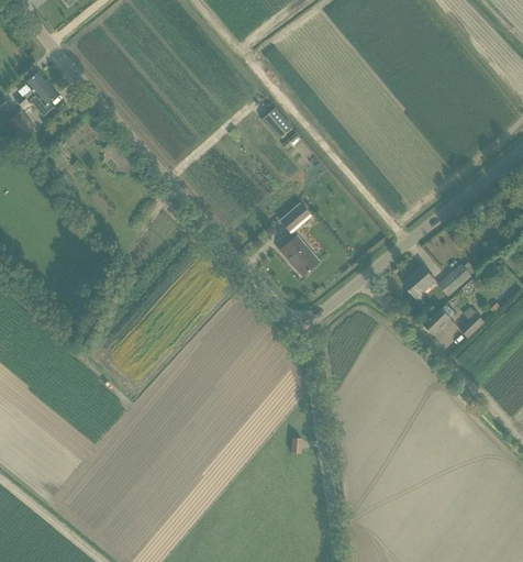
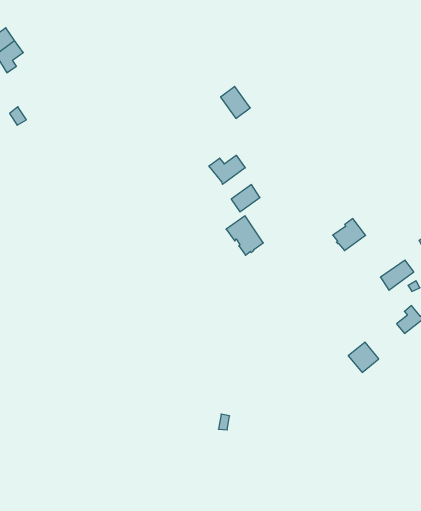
building: none -> [209,155,245,184]
building: [403,265,436,298] -> [333,219,366,251]
building: [424,309,455,340] -> [348,342,379,372]

